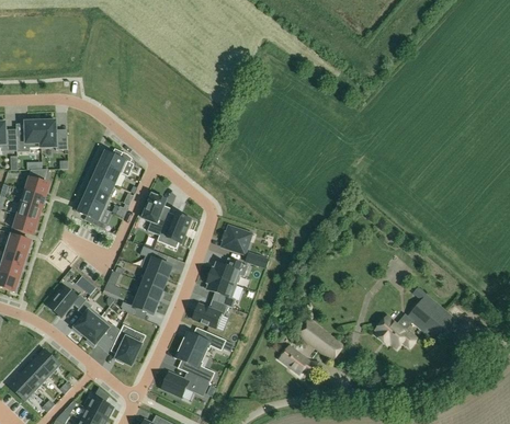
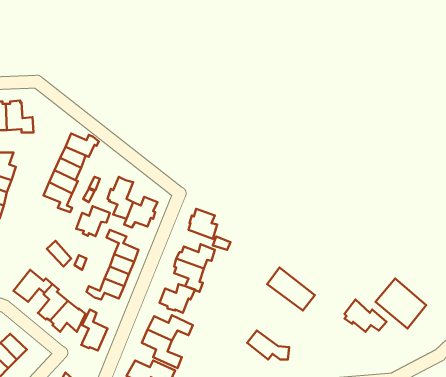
building: none -> [76,206,110,236]
building: [297,318,344,360] -> [267,267,315,311]

